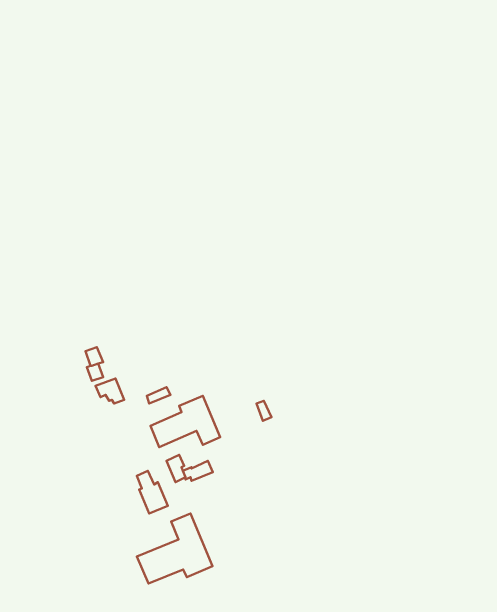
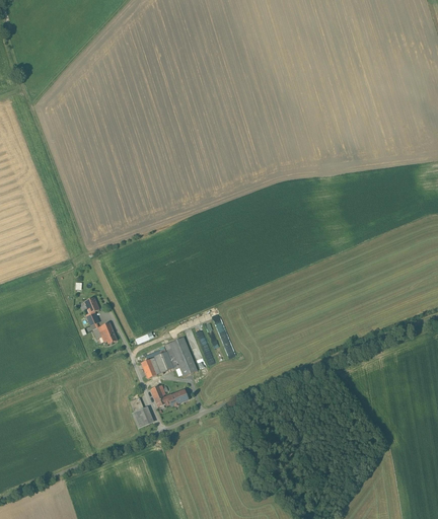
building: [137,514,213,583] -> none

